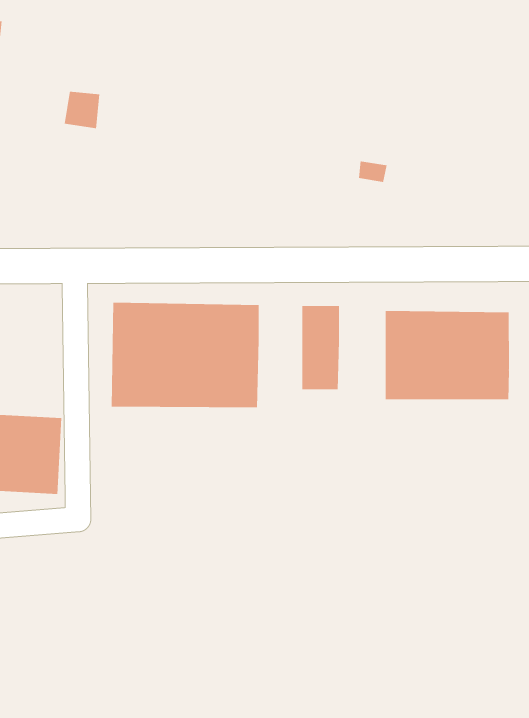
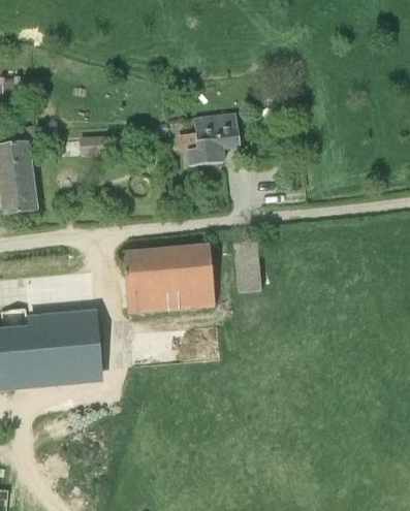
building: none -> [177,110,239,166]
building: [385,310,509,400] -> none

